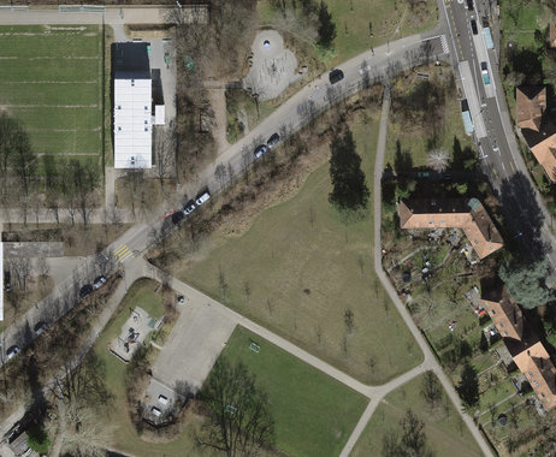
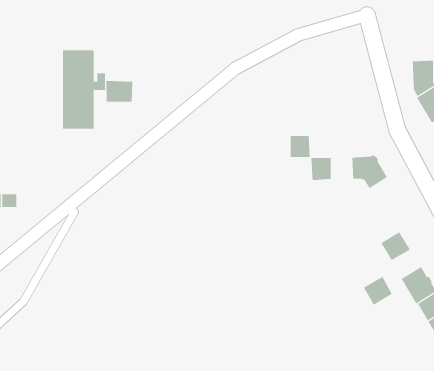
building: none -> [106,80,133,103]
building: [425,201,449,226] -> [290,135,311,157]
building: [468,224,503,257] -> none
building: [493,307,527,340] -> [363,276,392,305]

